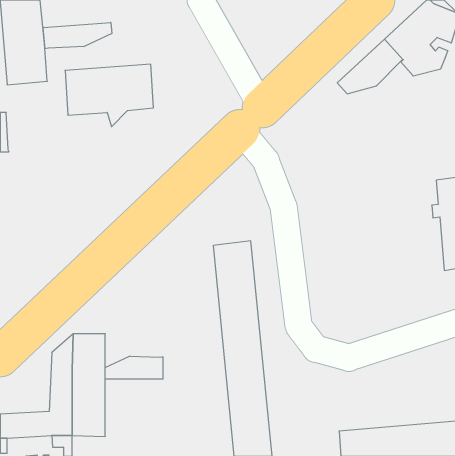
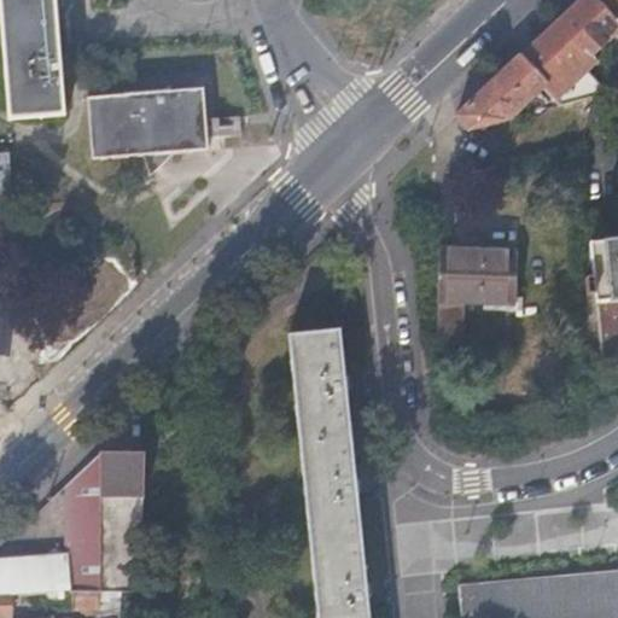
building: [43,22,112,49] -> none
building: none -> [437,245,512,340]
building: [105,356,163,379] -> none

